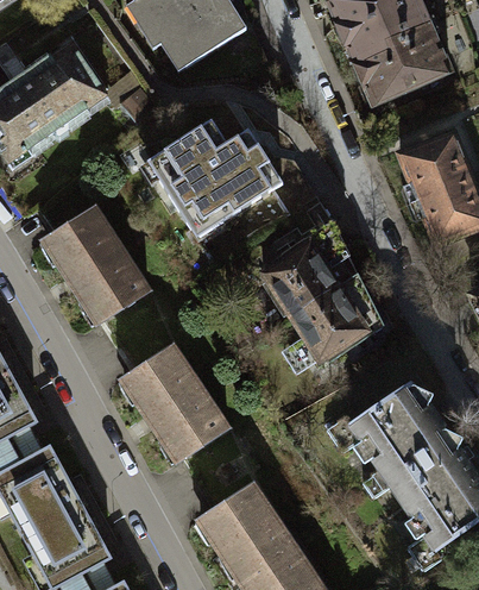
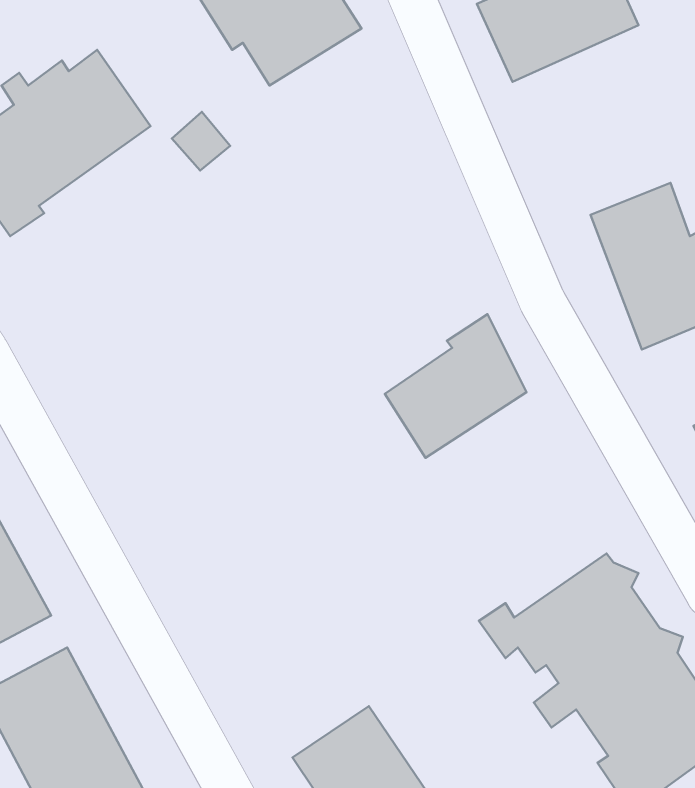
building: [347,26,458,121] -> none
building: [139,125,281,230] -> none
building: [44,207,147,321] -> none
building: [289,272,383,358] -> none
building: [125,345,227,458] -> none

